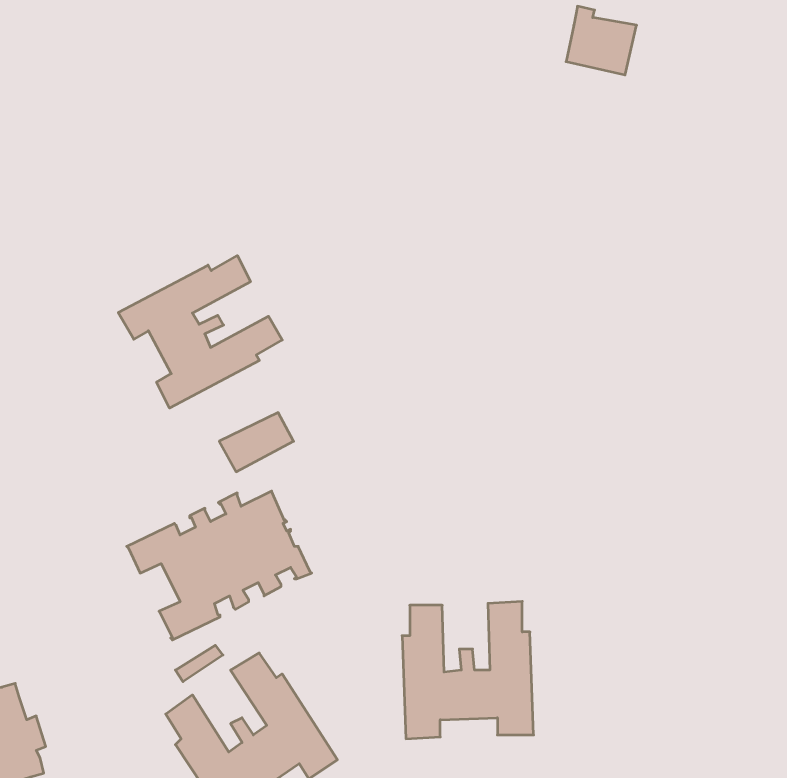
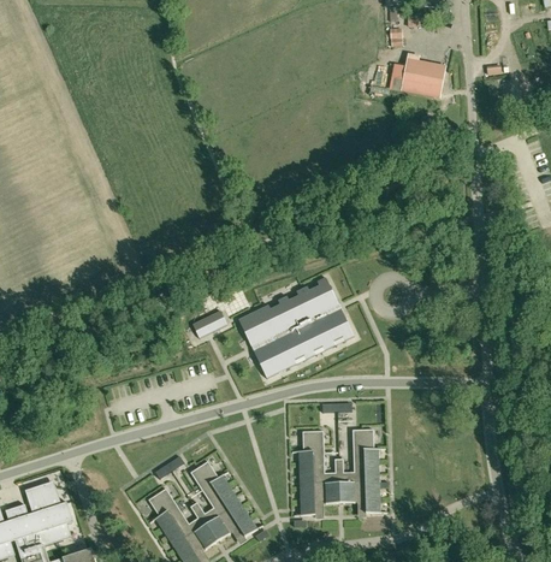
building: [118,256,282,408] -> none
building: [127,491,312,640] -> [238,284,355,378]

